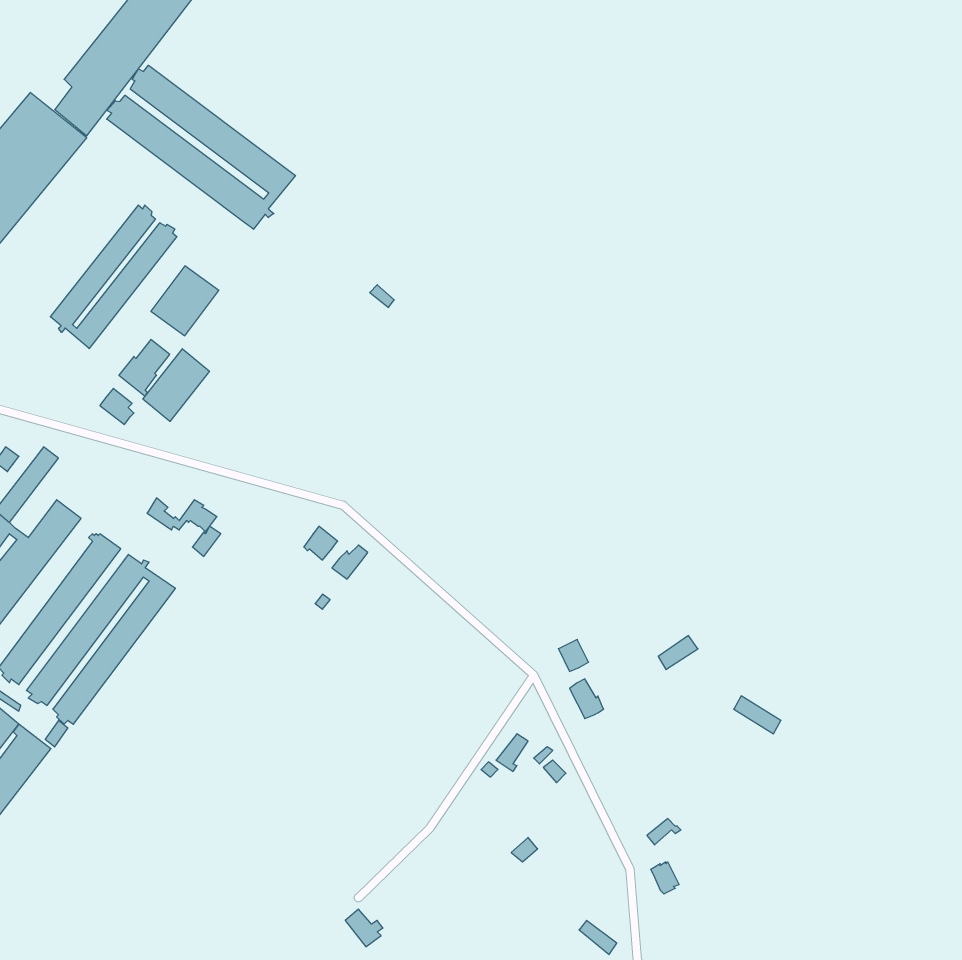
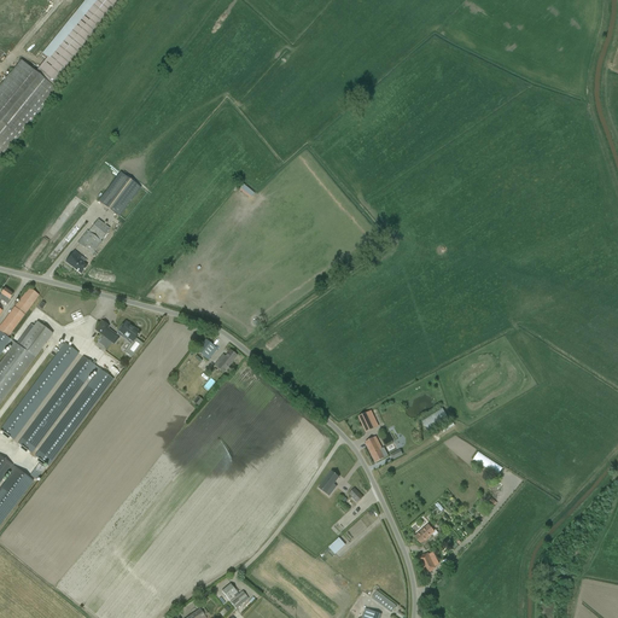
building: [107,65,295,229] -> none
building: [50,205,177,349] -> none
building: [143,349,209,421] -> none

